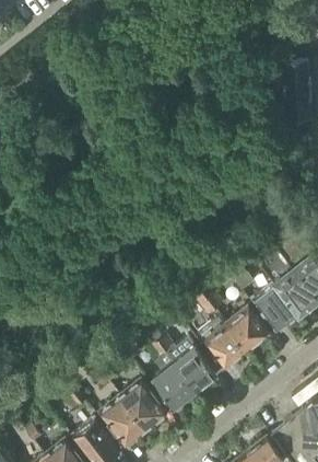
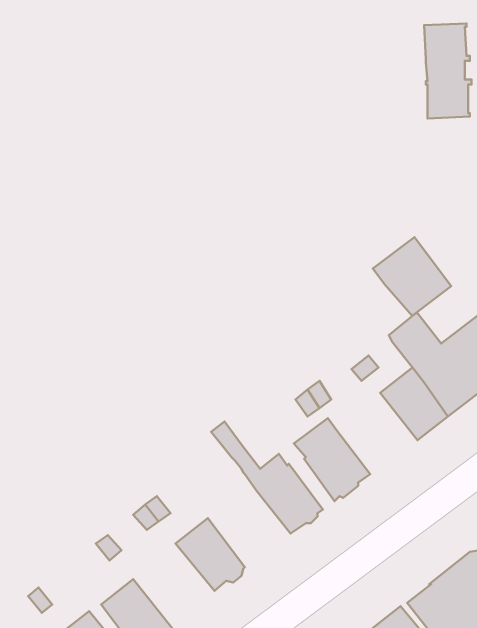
building: none -> [373,237,451,316]
building: [226,308,269,353] -> none
building: [146,342,196,408] -> none
building: [101,397,146,444] -> none

